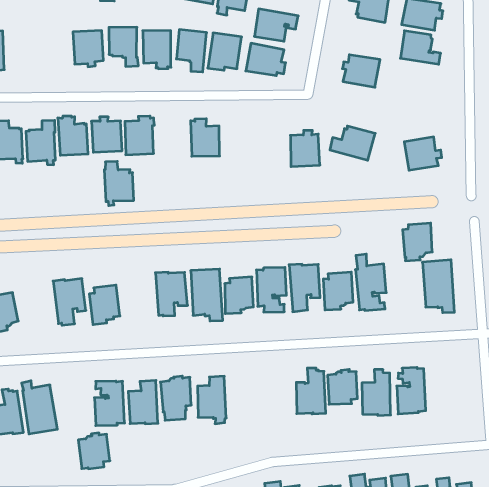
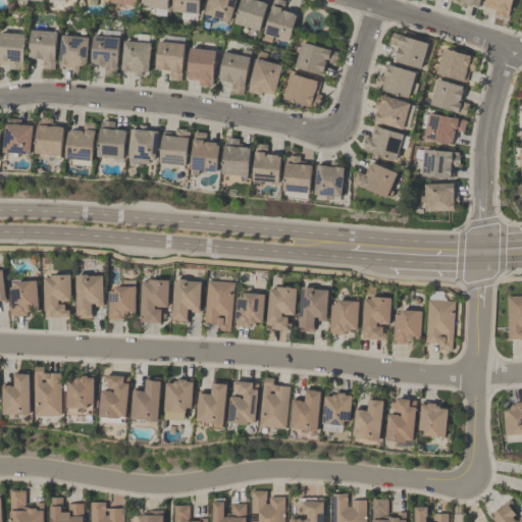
building: none -> [375,63,415,98]
building: none -> [91,35,119,74]
building: none -> [58,35,88,70]
building: none -> [423,112,466,144]
building: none -> [362,125,404,159]
building: none -> [421,149,460,178]
building: none -> [252,144,281,185]
building: none -> [283,155,311,192]
building: [104,161,134,206] -> [191,132,219,173]
building: [403,223,432,261] -> [394,310,422,345]
building: none -> [141,279,168,323]
building: none -> [43,273,70,317]
building: none -> [260,377,290,428]
building: none -> [419,401,447,436]
building: none -> [228,380,259,424]
building: [78,433,110,469] -> [66,375,94,408]

